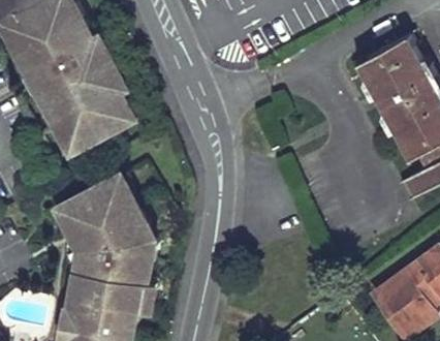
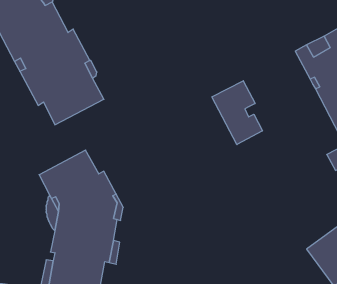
building: none -> [212,81,262,145]

